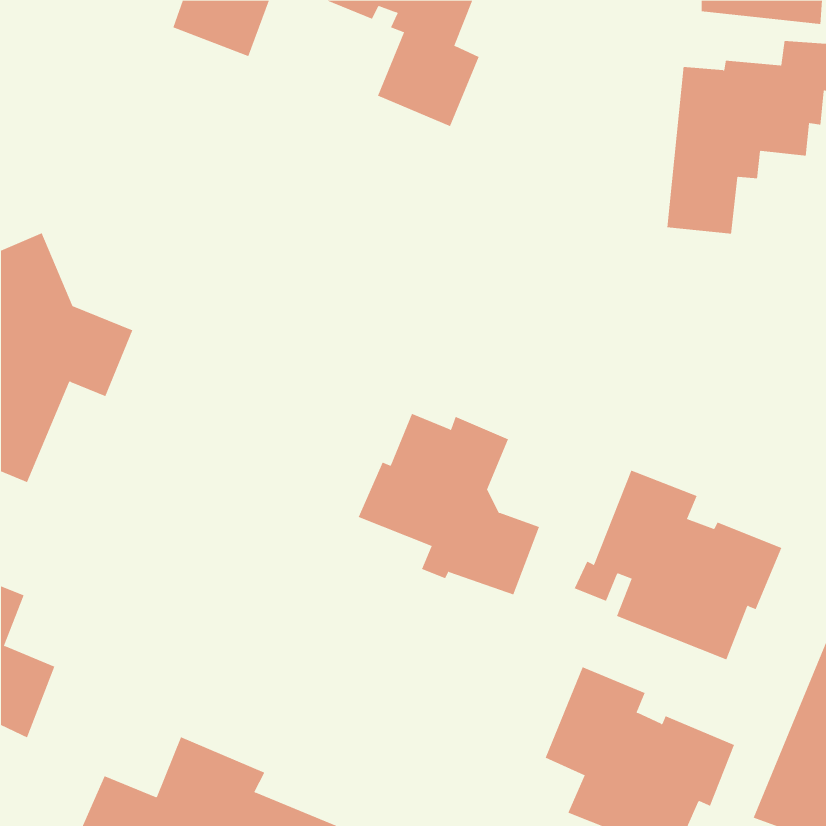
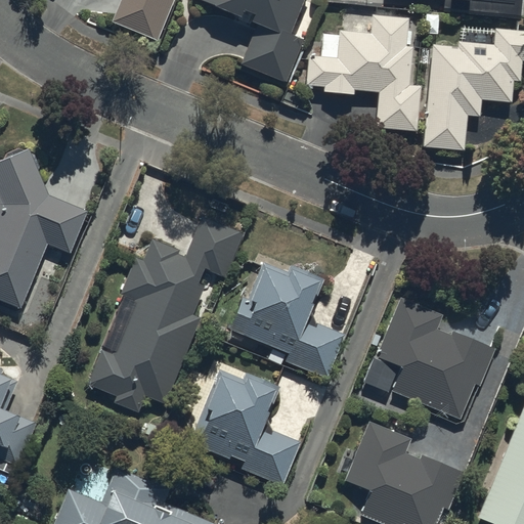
building: none -> [307,16,421,130]
building: none -> [89,217,244,412]
building: none -> [192,372,299,485]

